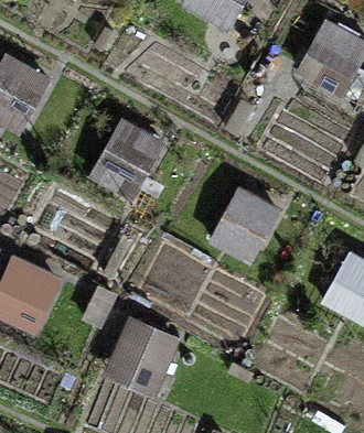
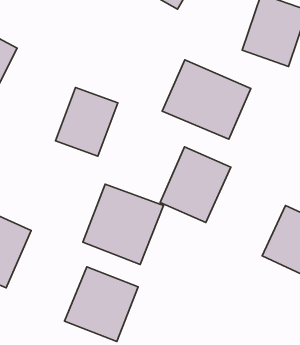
building: none -> [162,60,251,139]
building: none -> [83,184,163,265]

